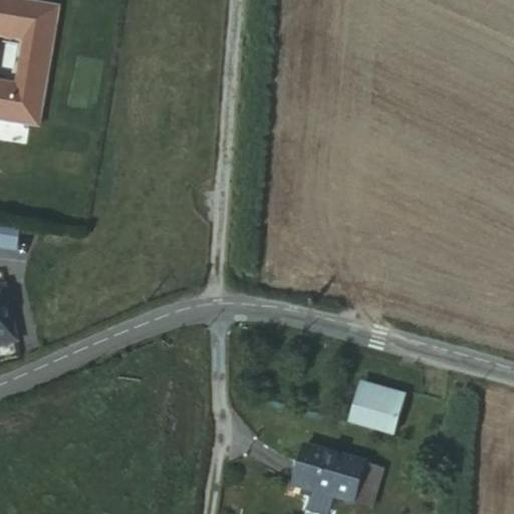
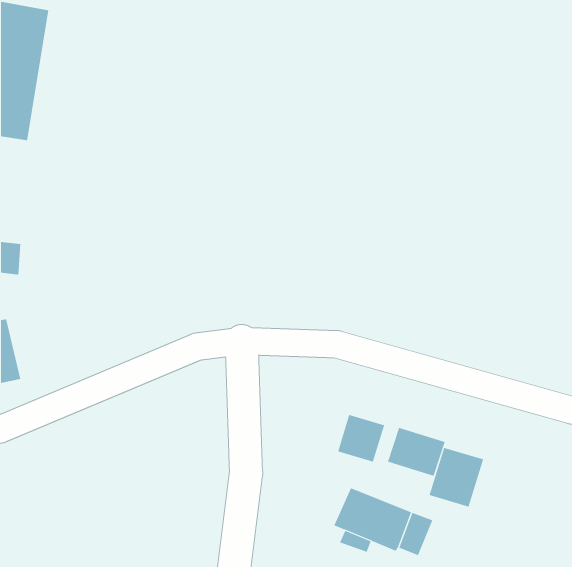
building: none -> [337,414,385,462]
building: none -> [429,447,484,507]

